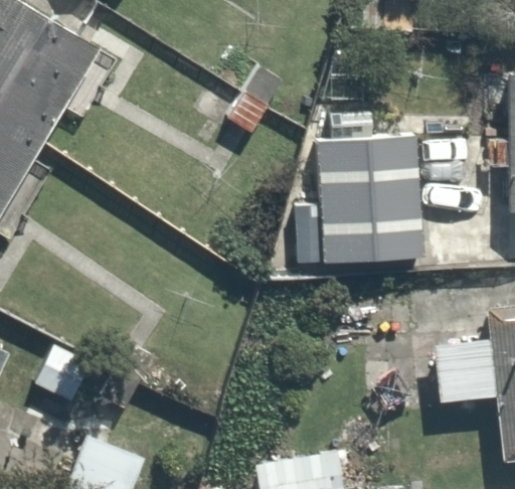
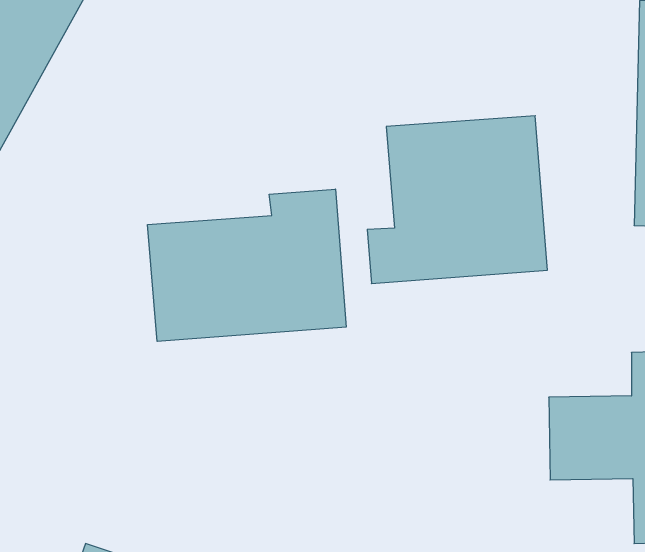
building: none -> [148,189,346,341]

